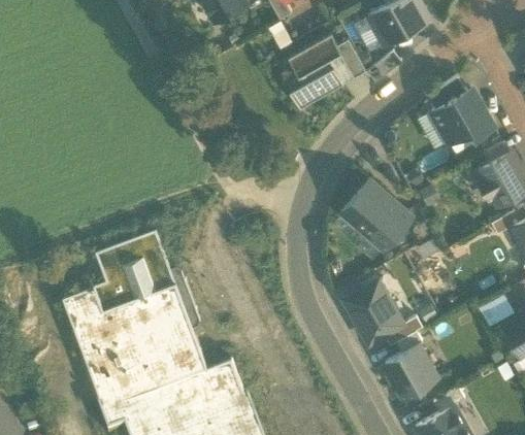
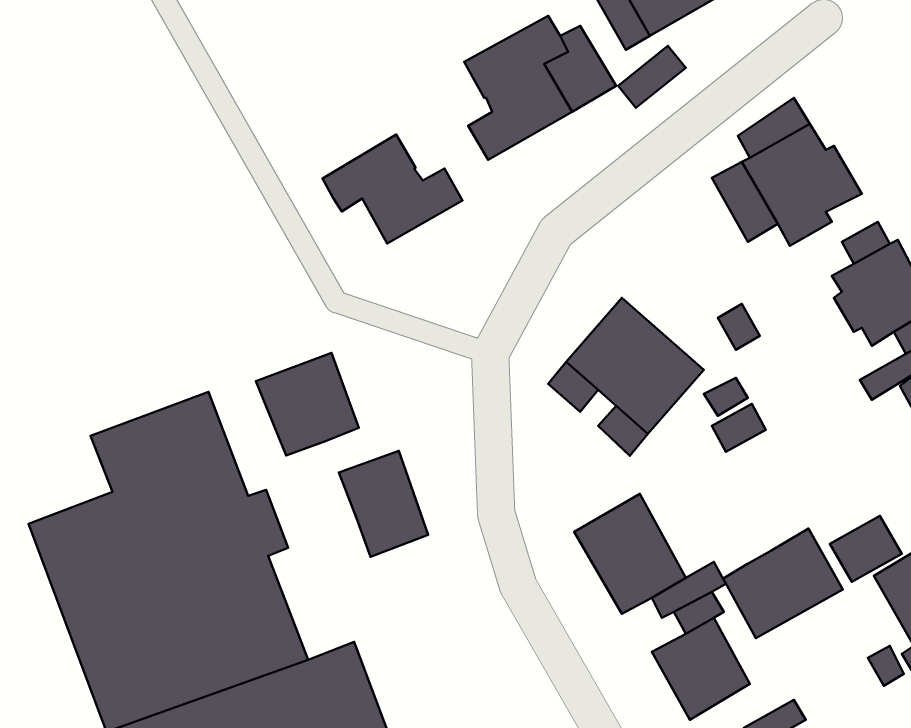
building: none -> [323,135,462,244]
building: none -> [256,353,359,456]
building: none -> [339,451,428,557]
building: none -> [723,529,843,638]

